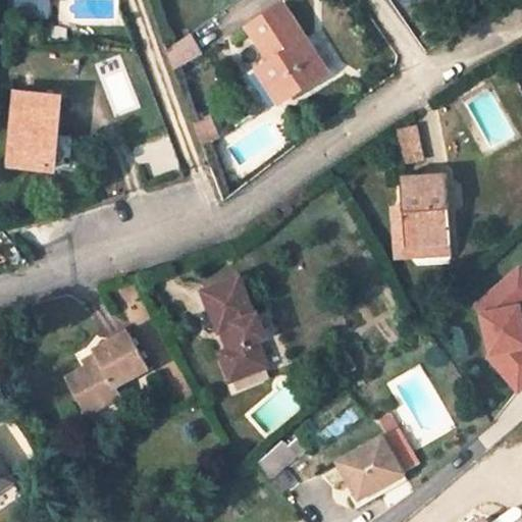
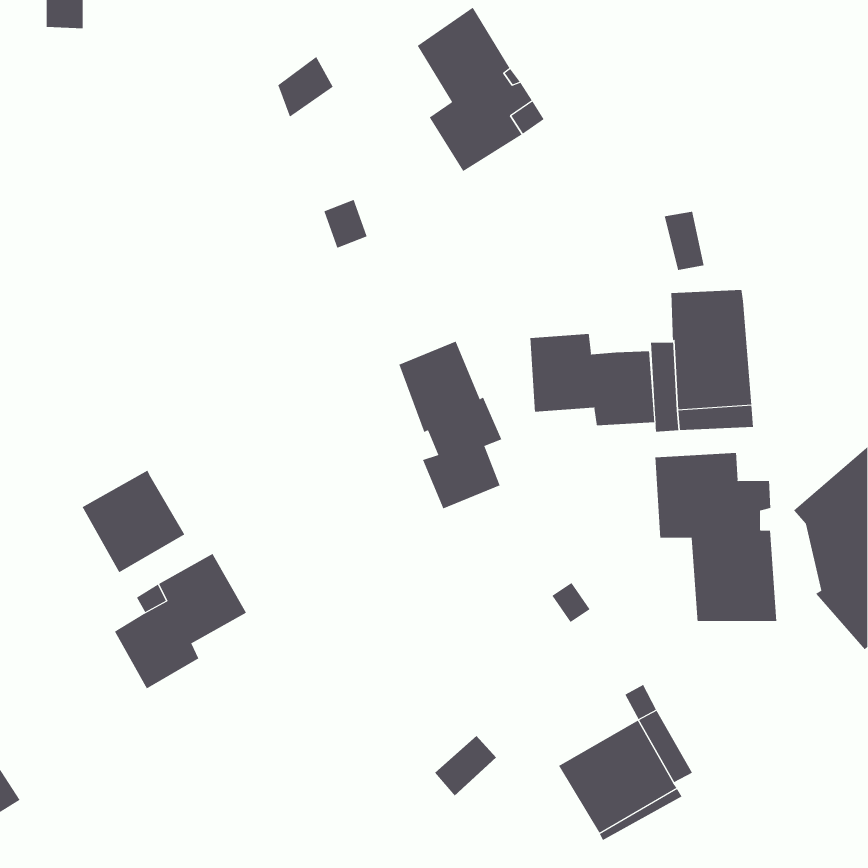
building: [8,93,59,169] -> none
building: none -> [530,333,655,426]
building: none -> [655,452,777,622]
building: [205,277,267,378] -> [398,341,502,509]
building: none -> [82,470,185,573]

